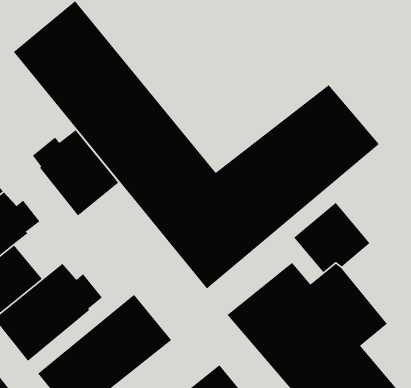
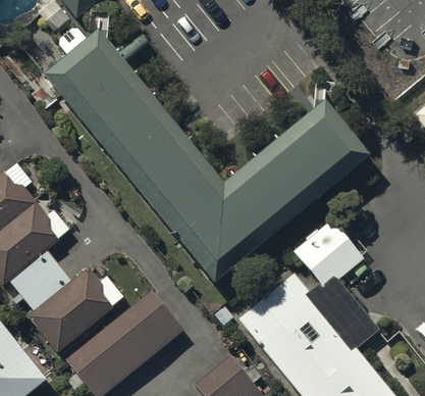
building: [32,129,119,216] -> none

